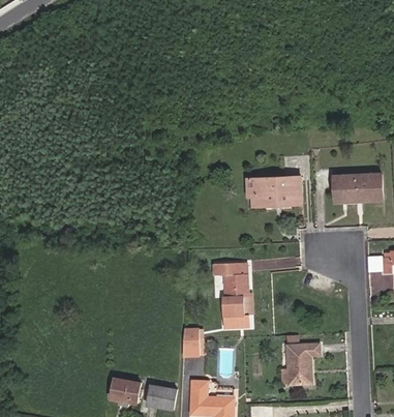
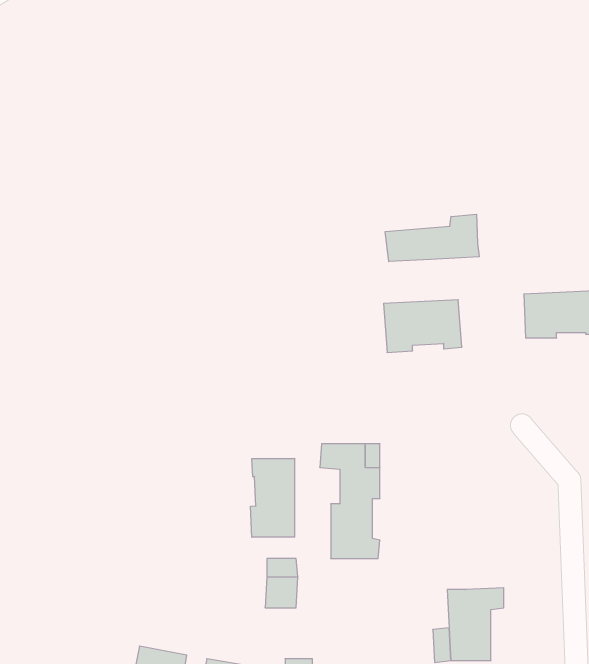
building: none -> [385,214,479,262]
building: none -> [251,458,295,537]

